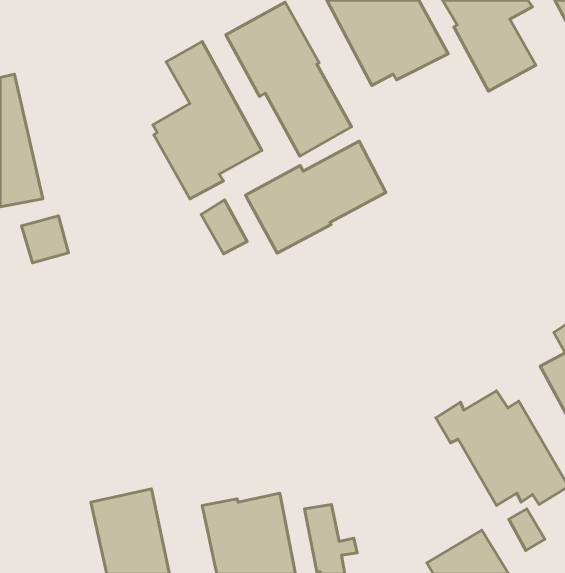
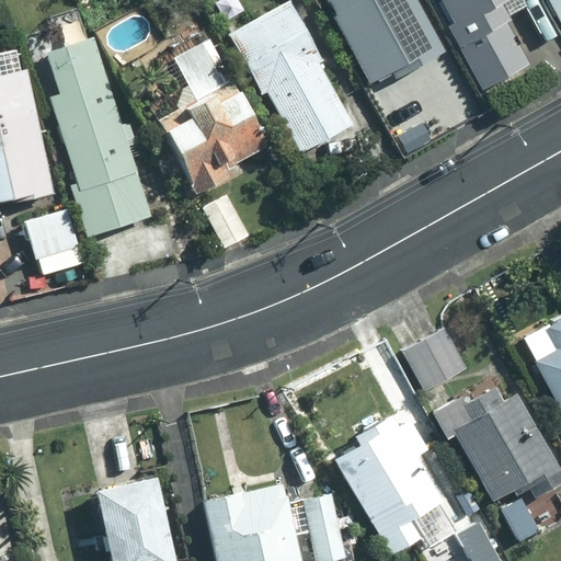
building: none -> [46,39,150,237]
building: [246,141,386,253] -> none
building: none -> [405,327,466,387]
building: none -> [334,412,442,549]

